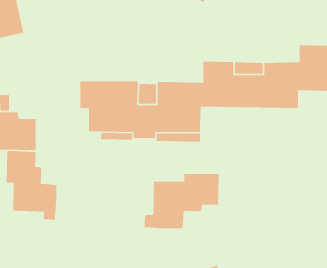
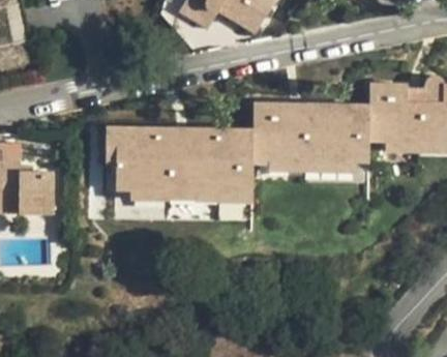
building: [6,150,57,221] -> none
building: [143,173,219,229] -> none

